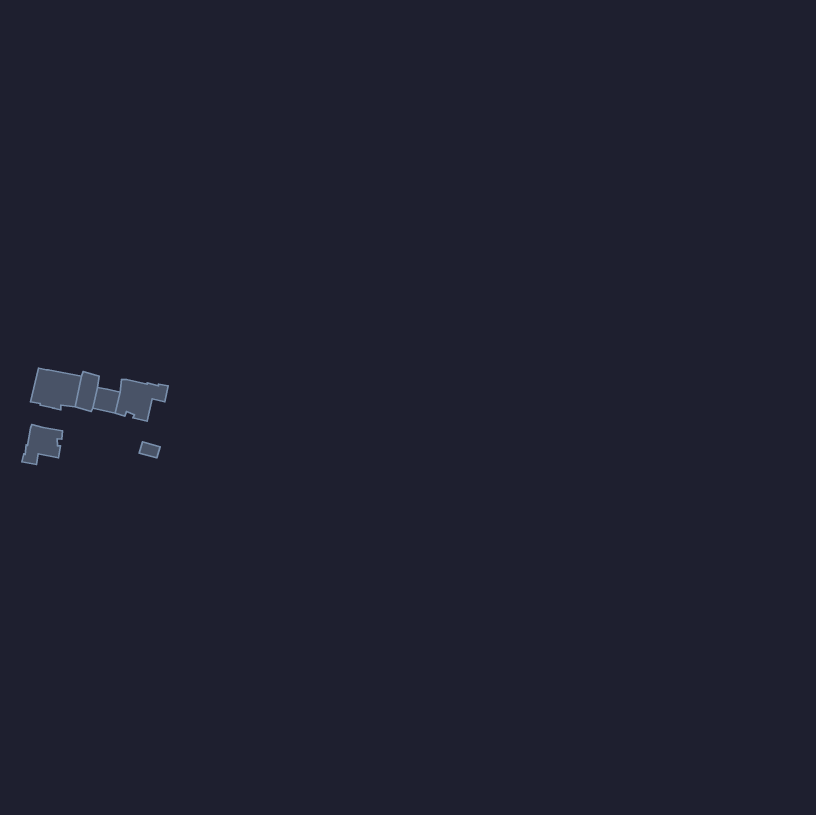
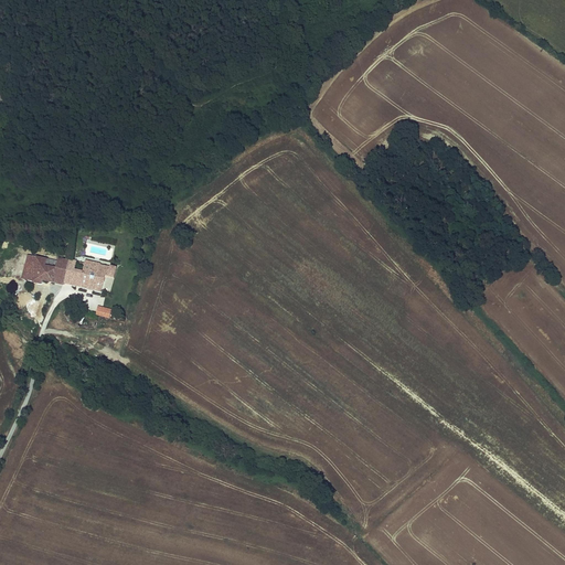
building: [22,425,62,465] -> none

